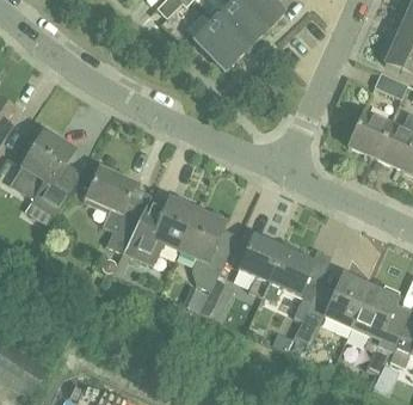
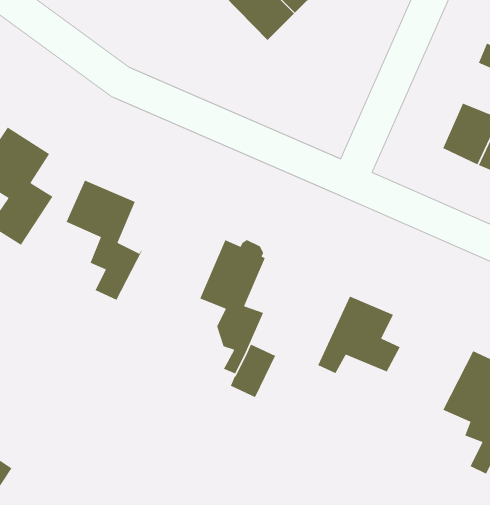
building: [122,194,197,264] -> none
building: [238,233,284,296] -> none
building: [294,272,370,345] -> none

